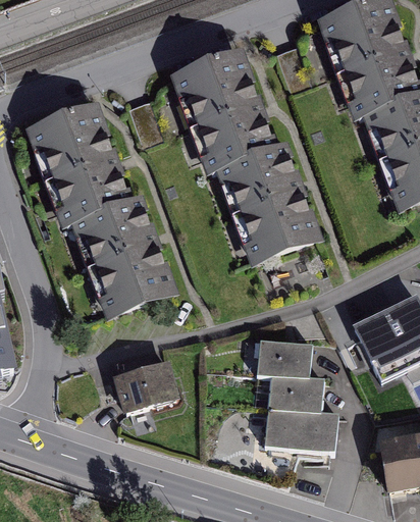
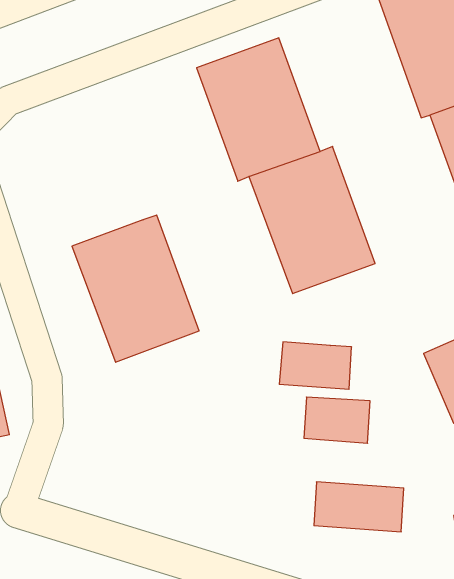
building: [23,102,126,223] -> none
building: [116,361,181,414] -> none
building: [268,377,327,416] -> [279,342,352,389]

